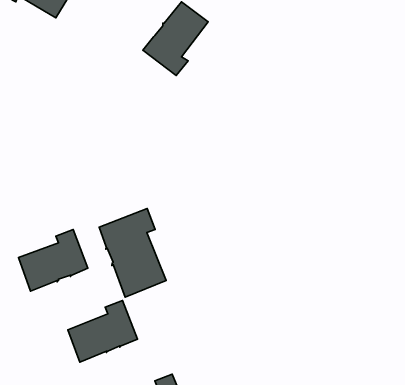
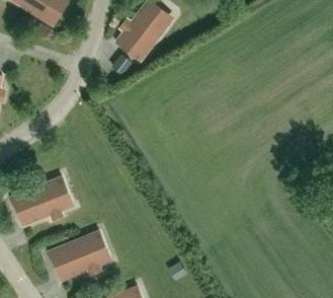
building: [99,208,166,297] -> none

